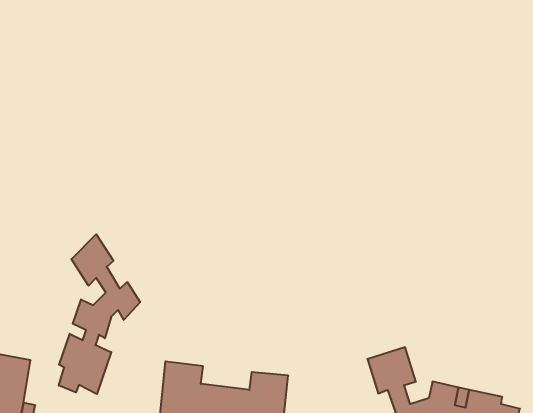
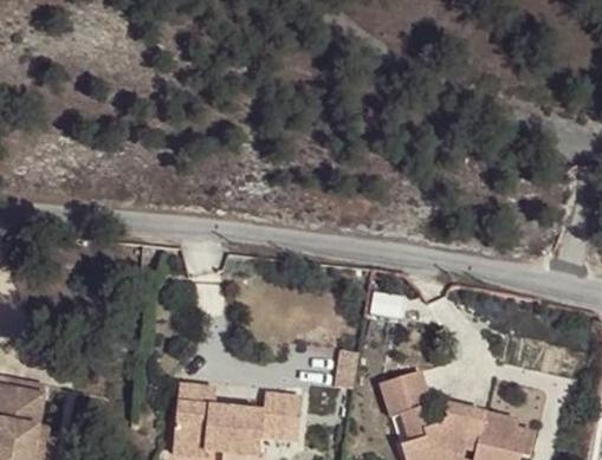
building: [59,234,140,394] -> none

